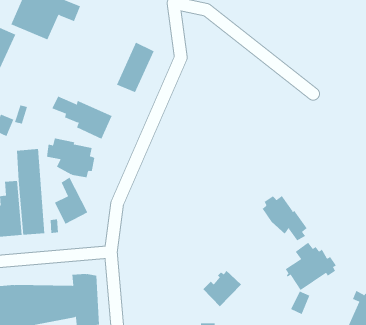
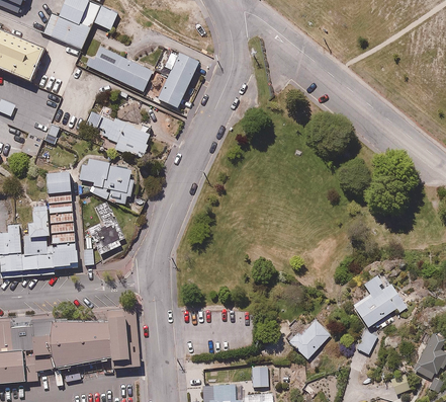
building: none -> [88,47,153,94]
building: [262,195,308,241] -> none
building: [203,270,242,307] -> [287,318,331,359]

